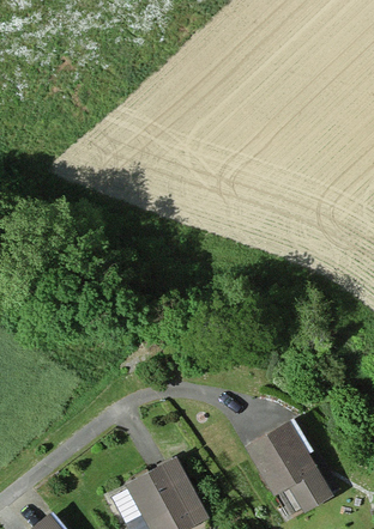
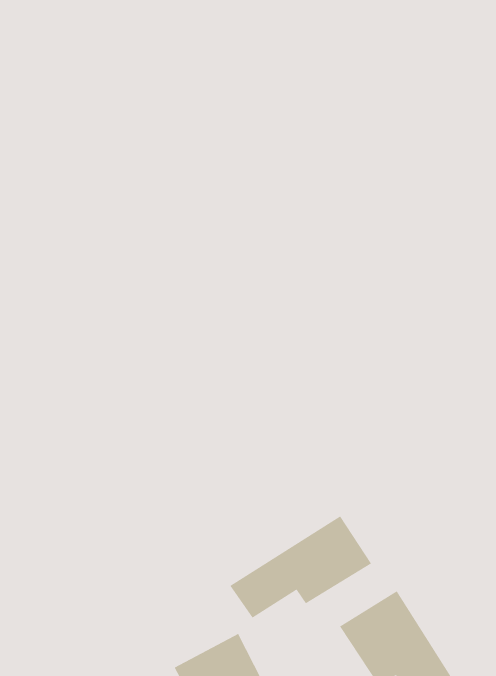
building: none -> [229,515,372,619]

